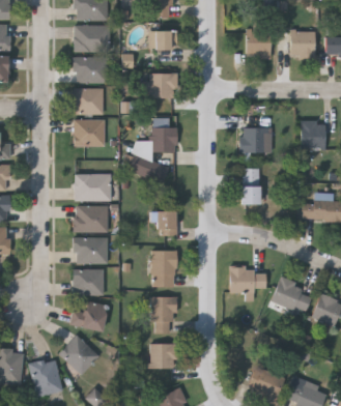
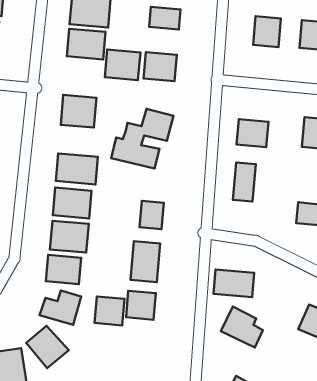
building: [73,89,104,115] -> [105,50,140,80]
building: [272,277,311,313] -> [221,306,263,347]
building: [150,344,176,369] -> [95,296,124,325]

